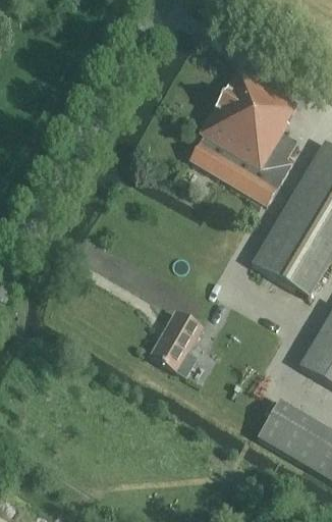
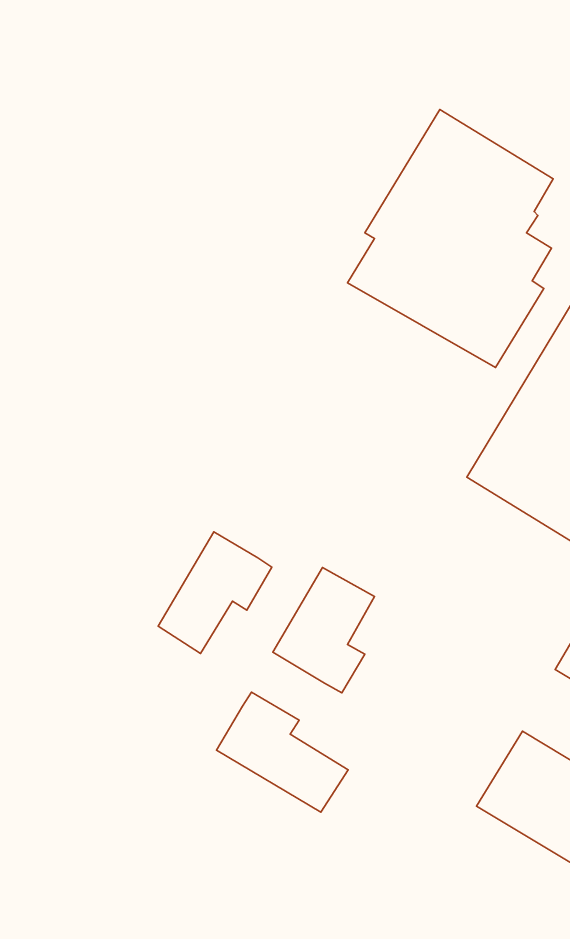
building: none -> [158,532,272,653]
building: none -> [216,692,348,812]

